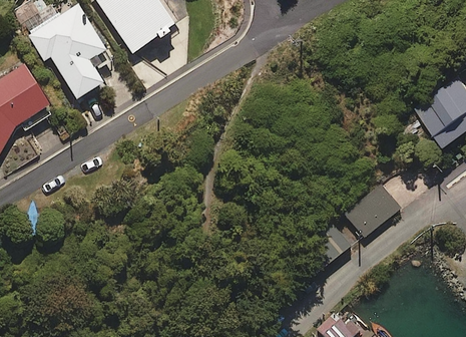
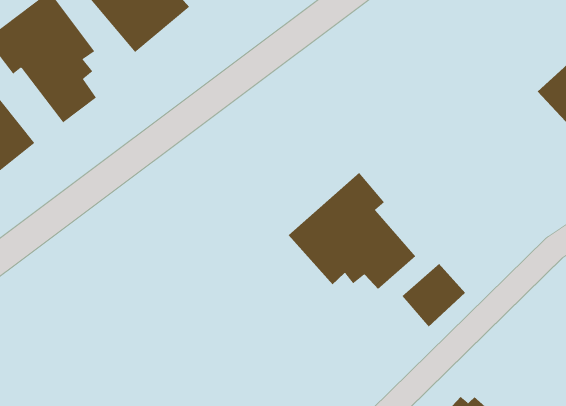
building: none -> [288,172,416,290]
building: [345,184,401,237] -> none

